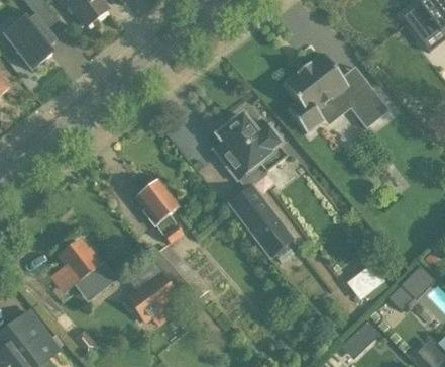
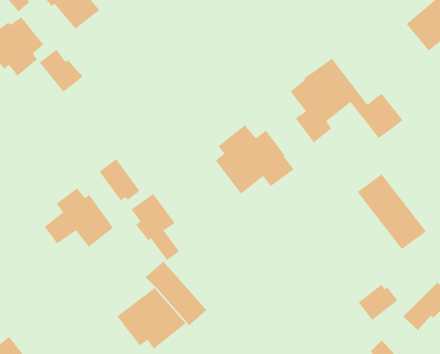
building: none -> [39,49,83,92]
building: none -> [99,158,140,201]
building: [229,184,294,255] -> [357,174,427,250]
building: [50,239,115,294] -> [44,187,114,248]

